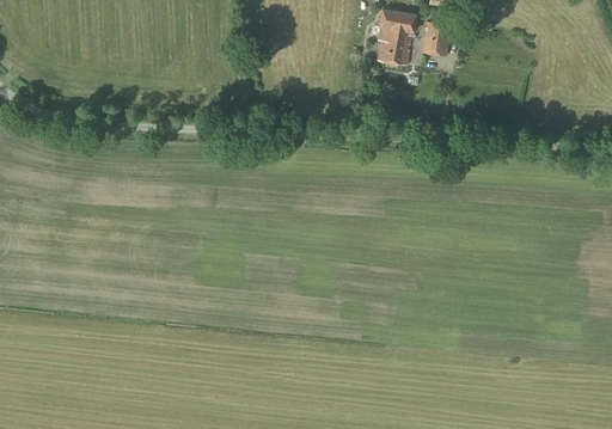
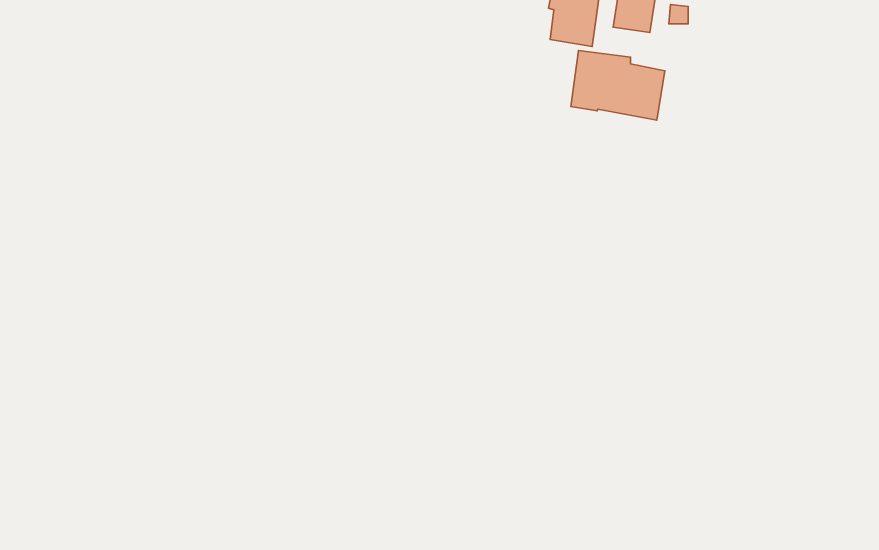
building: none -> [571,51,665,120]

